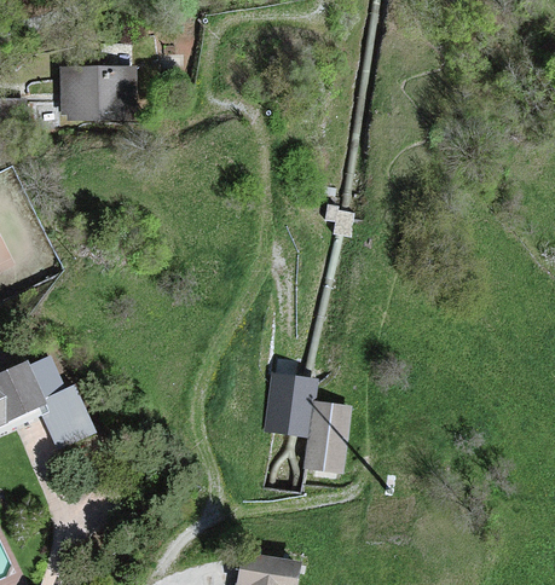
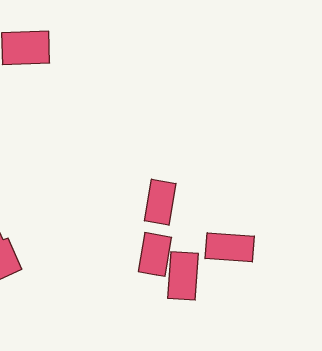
building: none -> [145,179,176,225]
building: none -> [205,233,254,262]

